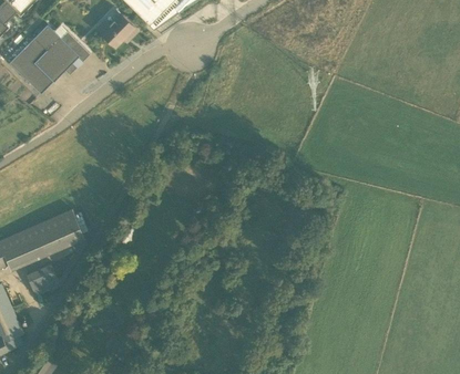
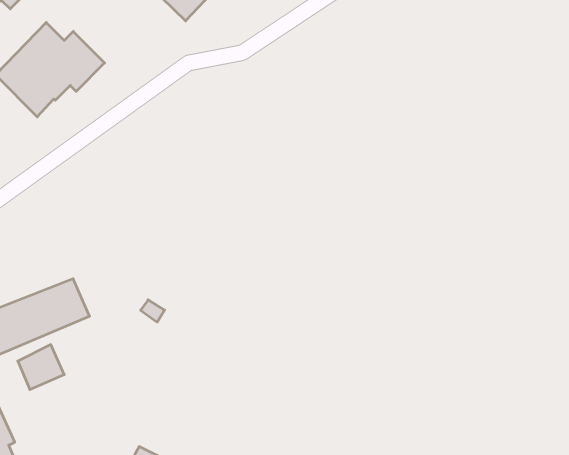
building: [96,12,137,46] -> none

